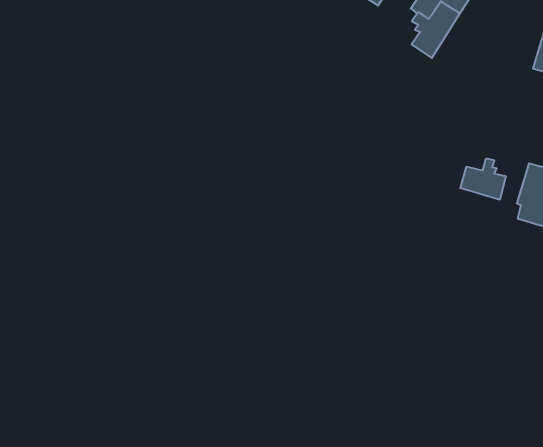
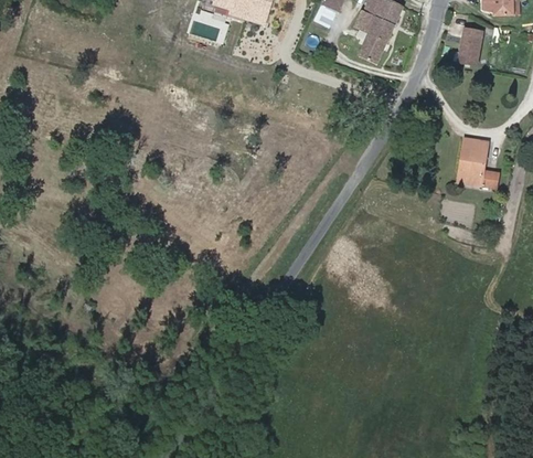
building: [460,159,506,200] -> none

